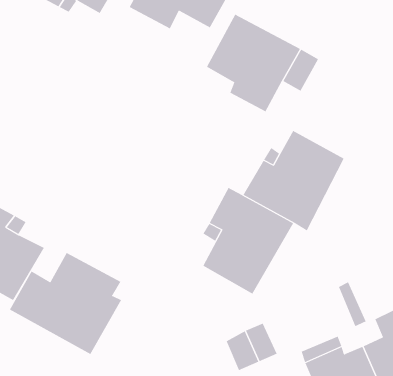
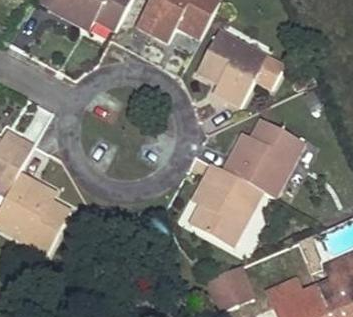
building: [9,252,122,355] -> none

